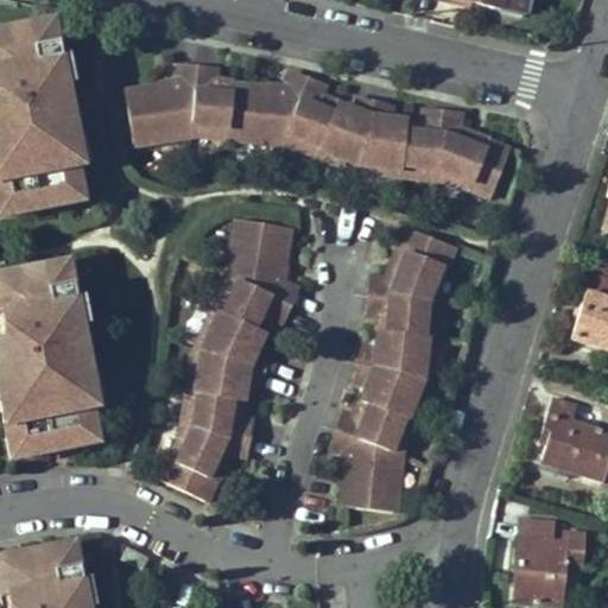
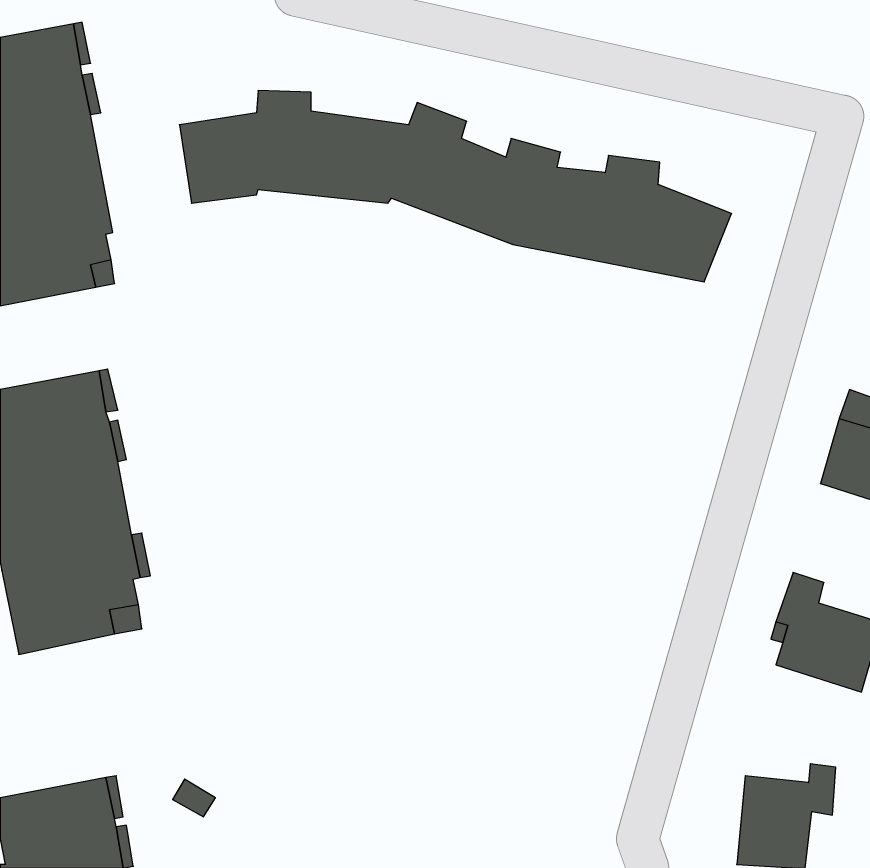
building: [159,220,297,501] -> none
building: [331,229,456,513] -> none

